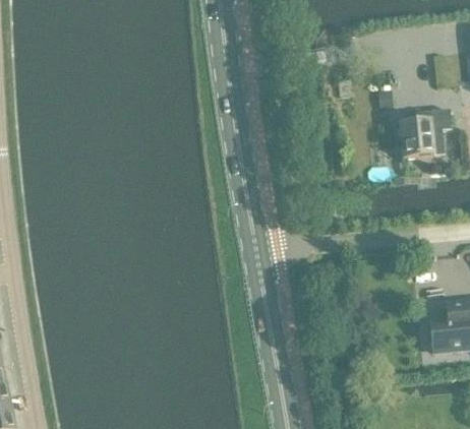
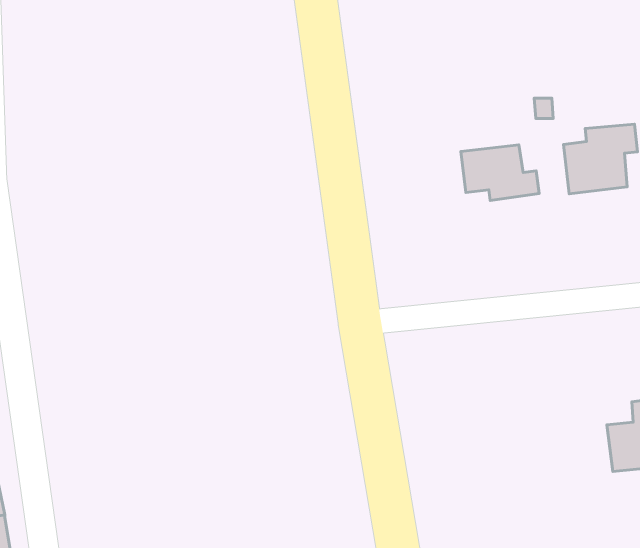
building: none -> [461,145,539,201]

